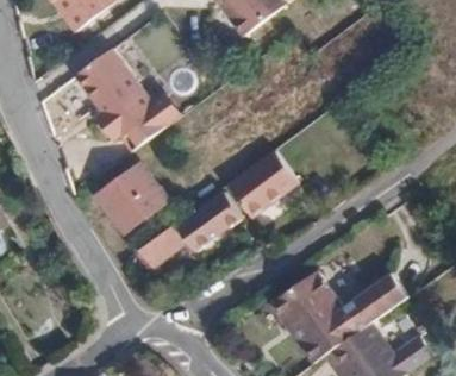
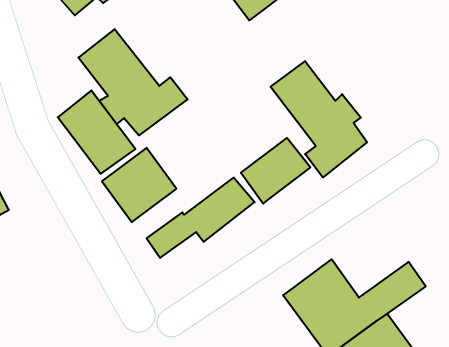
building: none -> [271,61,367,177]
building: none -> [58,90,135,174]

